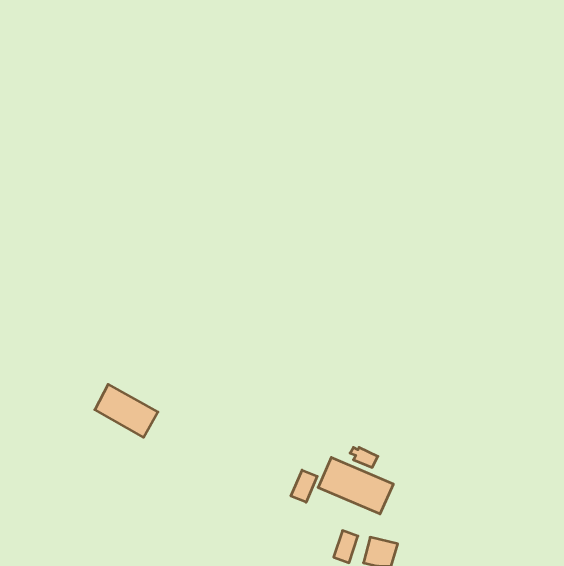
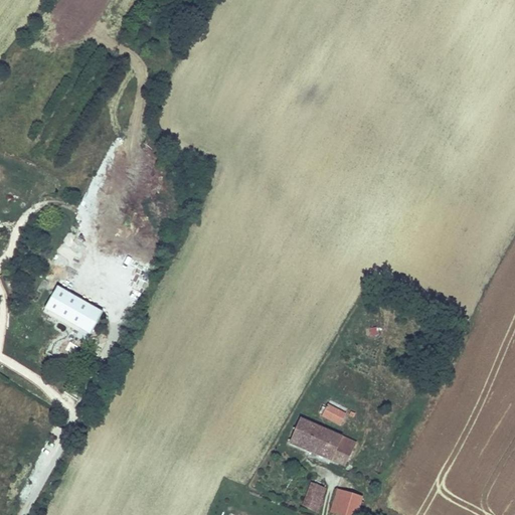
building: [95,384,158,437] -> [44,285,102,333]
building: [291,470,317,502] -> none

